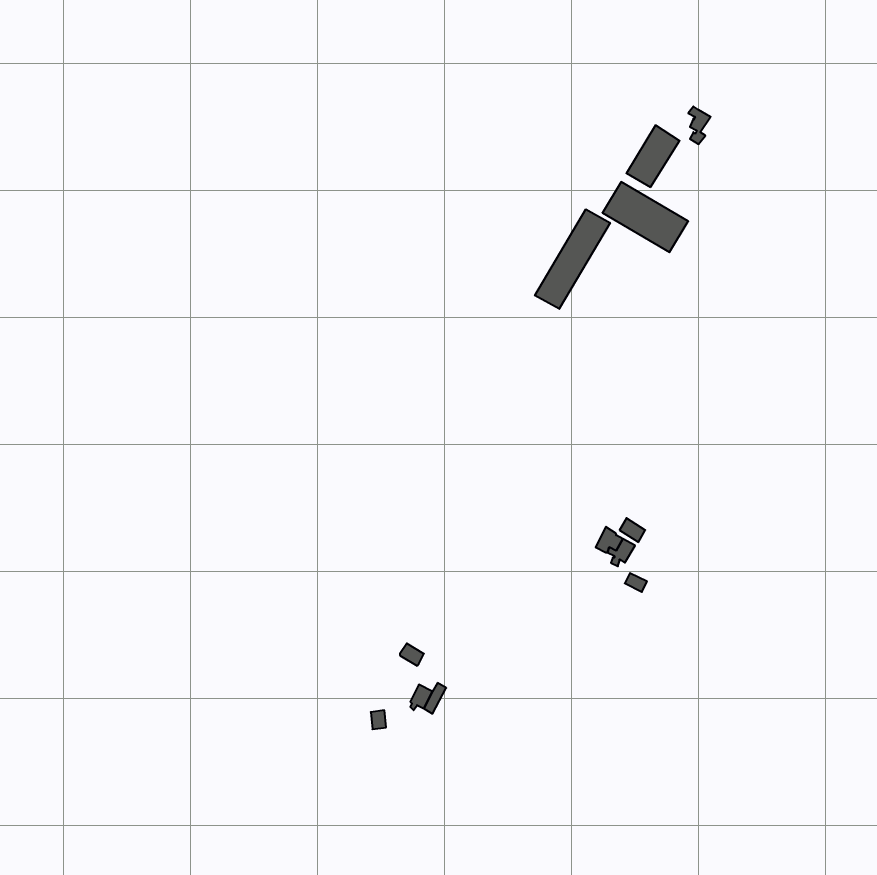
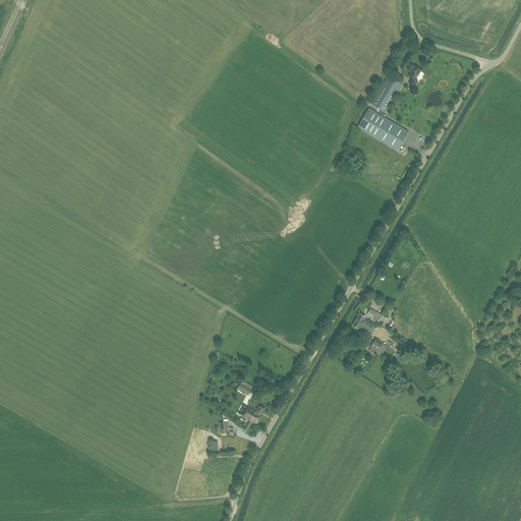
building: [535,209,610,309] -> none

